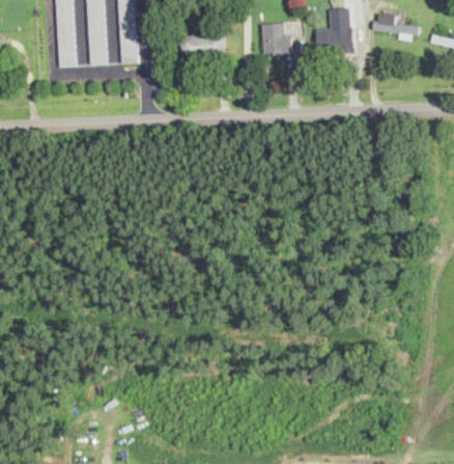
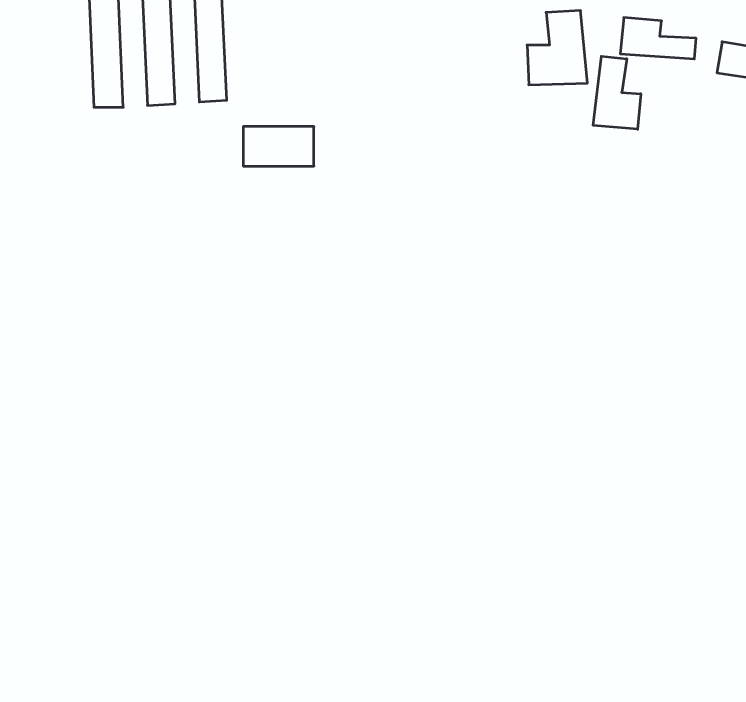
building: [260,24,292,55] -> none
building: [182,35,225,59] -> [243,127,314,166]
building: none -> [593,56,641,129]

